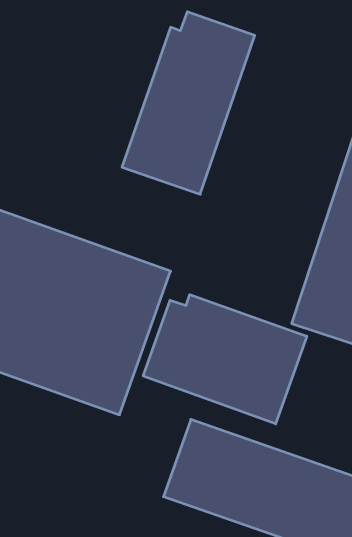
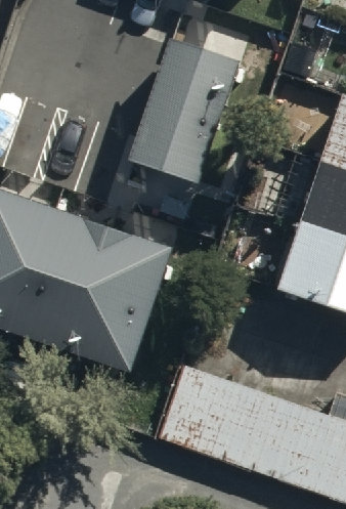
building: [143,295,307,424] -> none

